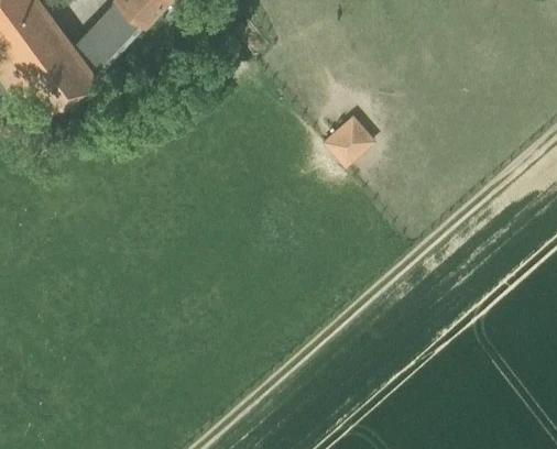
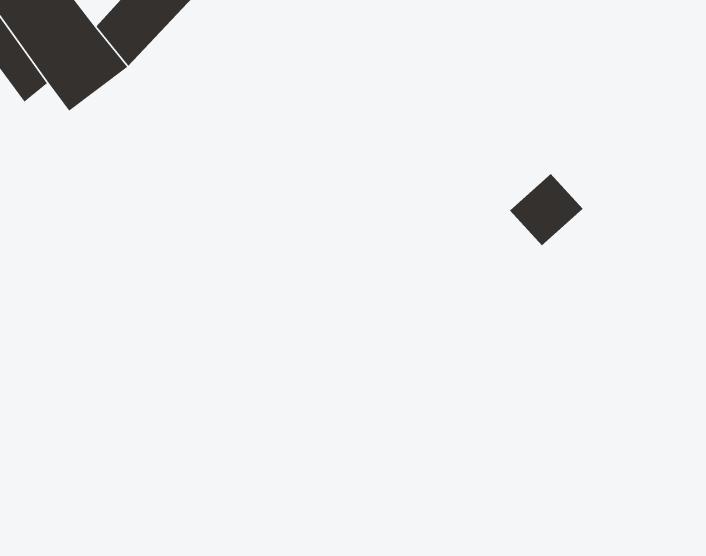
building: [320,111,375,165] -> [509,173,583,246]

